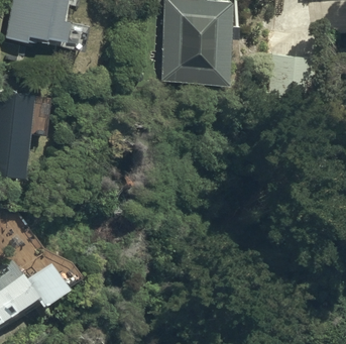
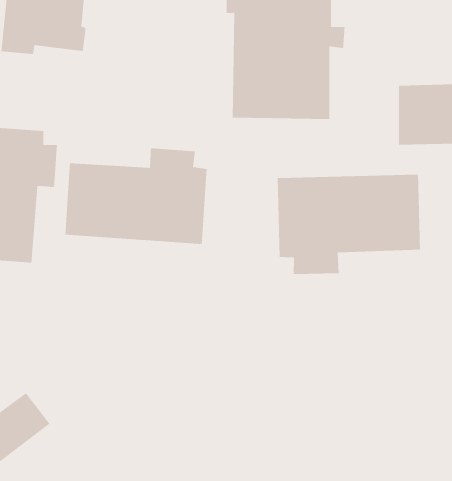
building: none -> [64,148,208,245]
building: none -> [277,174,421,275]

